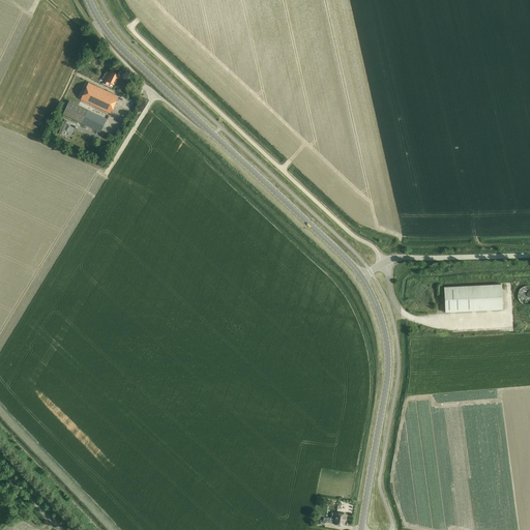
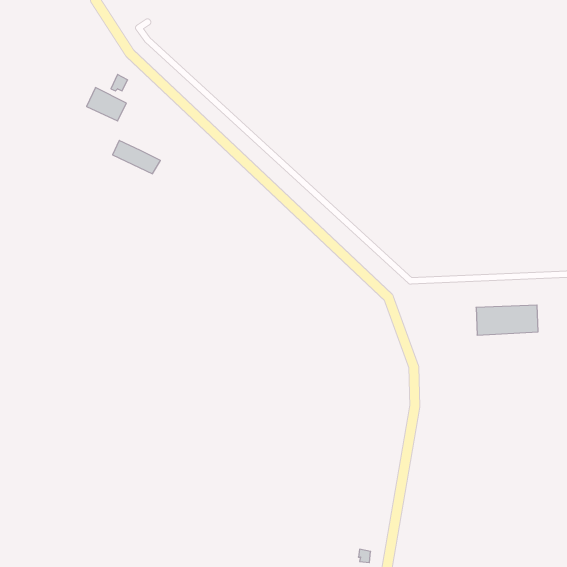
building: [62,100,107,131] -> [113,140,160,174]

